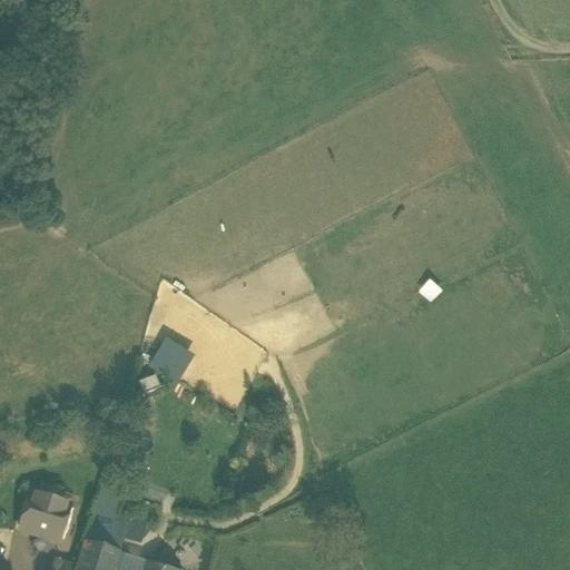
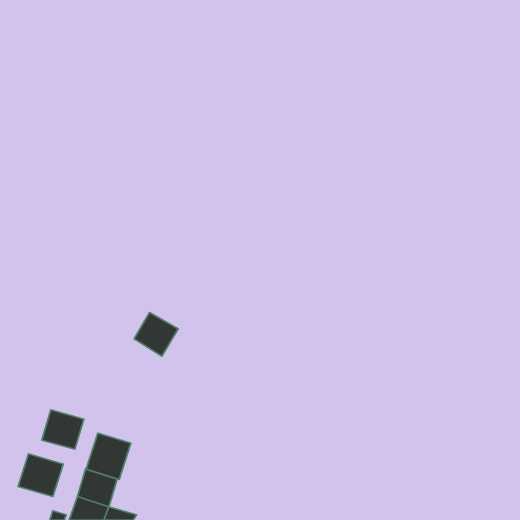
building: none -> [42,410,84,449]
building: none -> [86,433,131,479]

